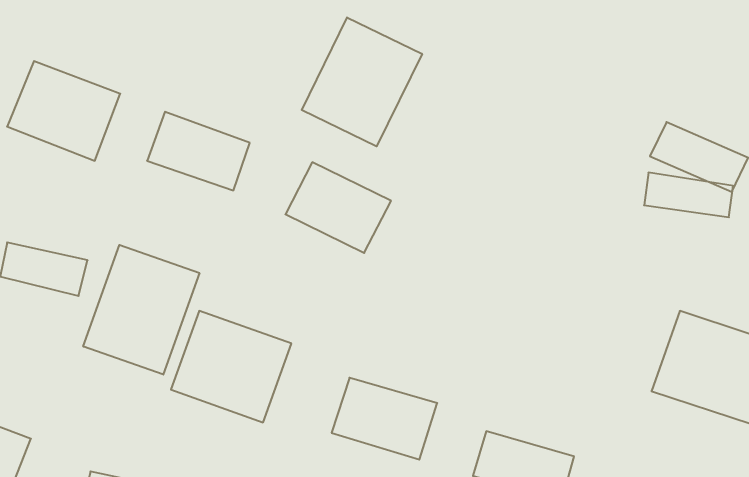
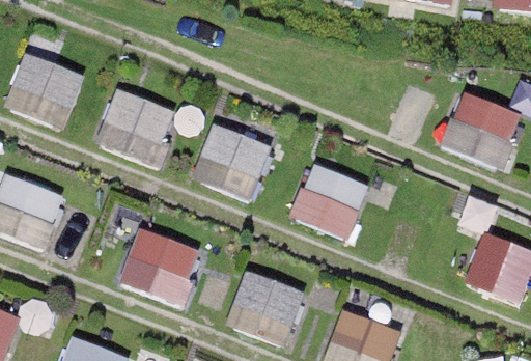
building: [302,17,422,146] -> none
building: none -> [287,165,367,245]
building: [83,245,199,375] -> none

